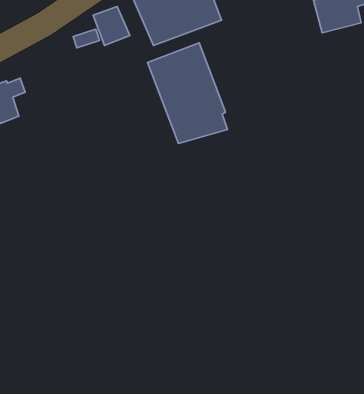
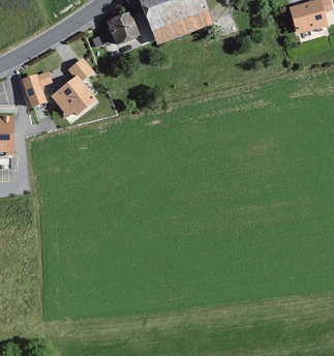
building: [147,43,228,144] -> none
building: none -> [51,57,96,117]

